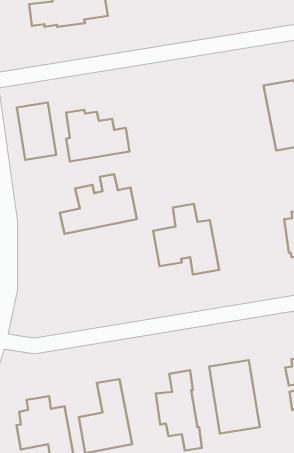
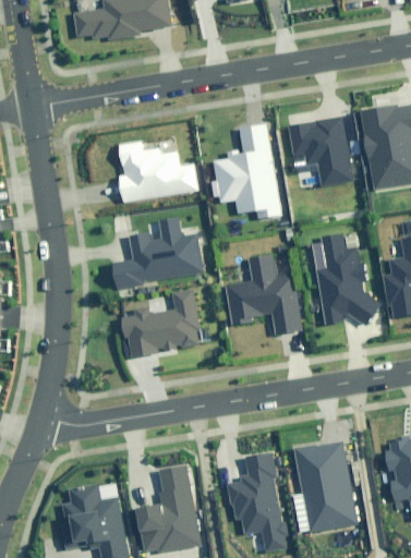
building: none -> [289,116,354,186]
building: none -> [210,123,281,217]
building: [17,102,56,160] -> none
building: none -> [313,231,378,323]
building: none -> [124,289,203,359]

